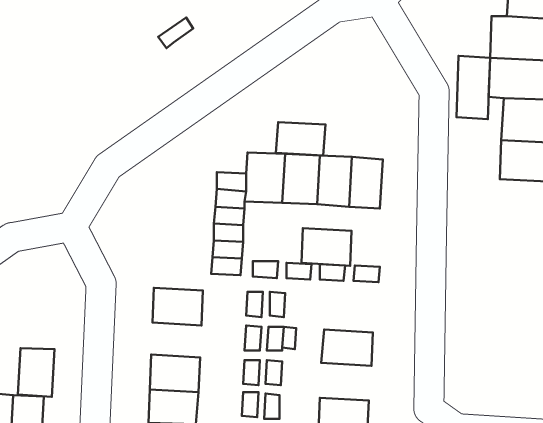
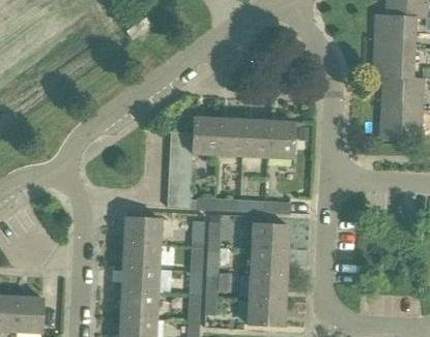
building: [456,56,490,119] -> none
building: [276,122,326,156] -> none
building: [301,228,352,266] -> [251,222,288,250]
building: none -> [122,243,160,269]
building: [18,348,55,397] -> none
building: none -> [248,273,286,301]

